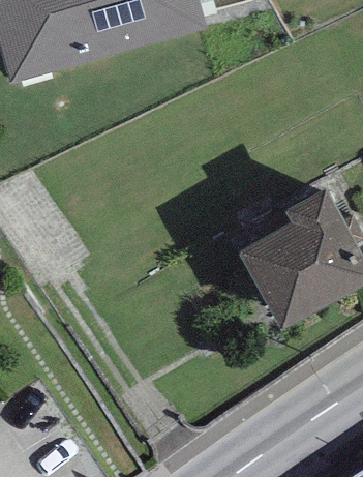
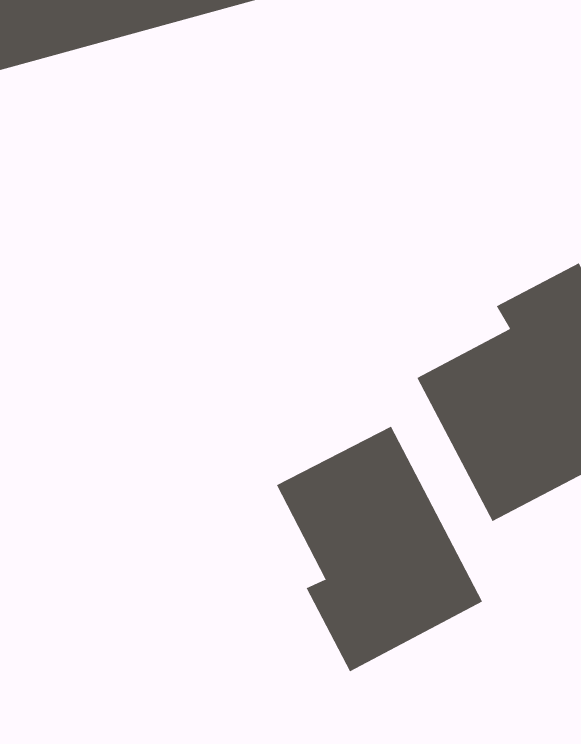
building: none -> [276,426,483,672]

